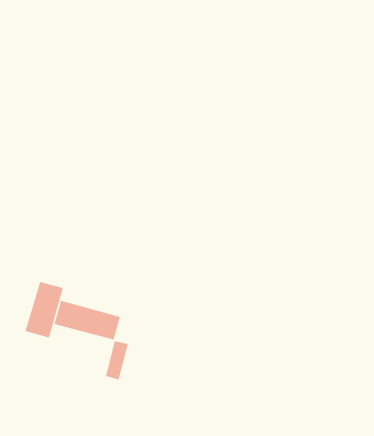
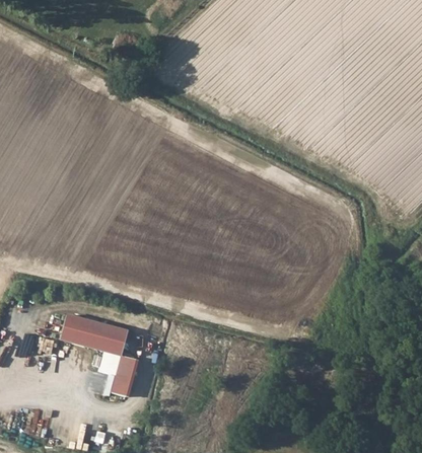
building: [25,281,64,338] -> none

